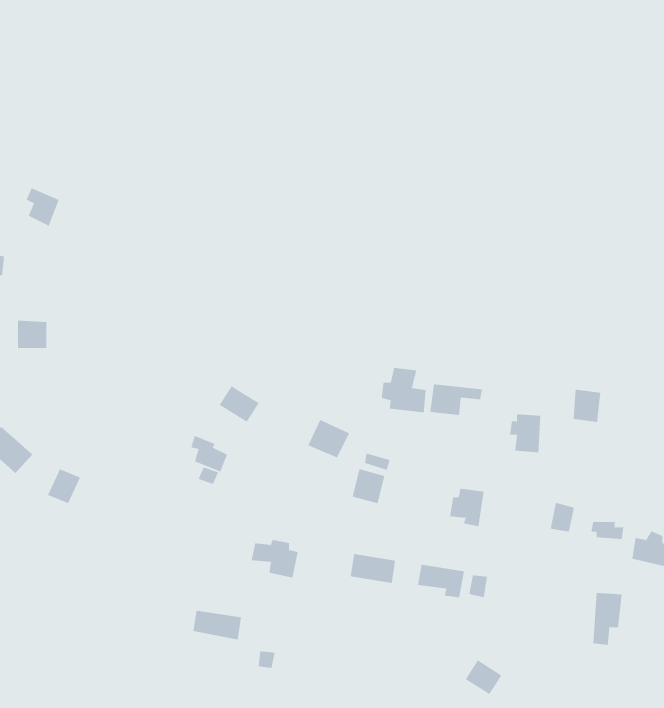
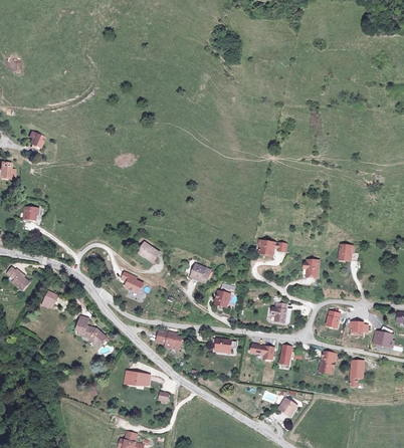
building: [381,367,426,413] -> none
building: none -> [74,314,108,347]
building: none -> [319,350,338,376]

